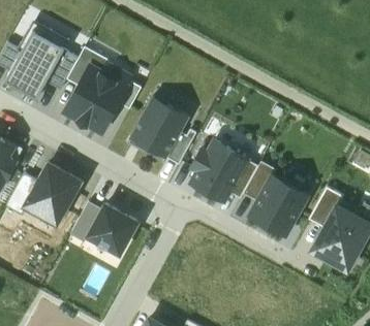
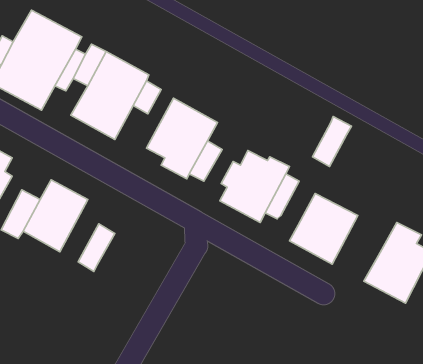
building: [243,161,276,203] -> [312,116,351,166]
building: [308,187,343,229] -> none
building: [88,204,137,254] -> none

